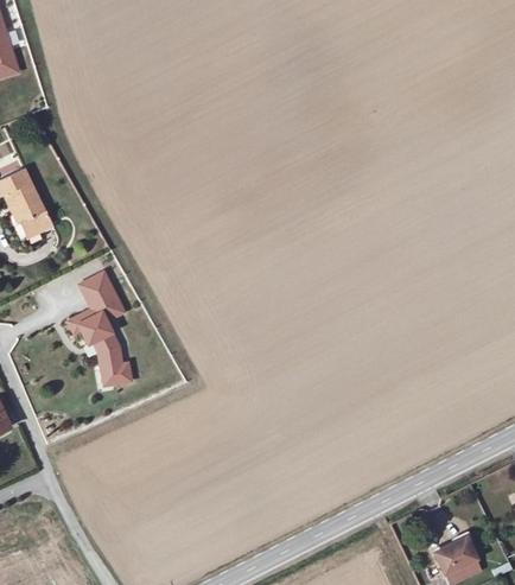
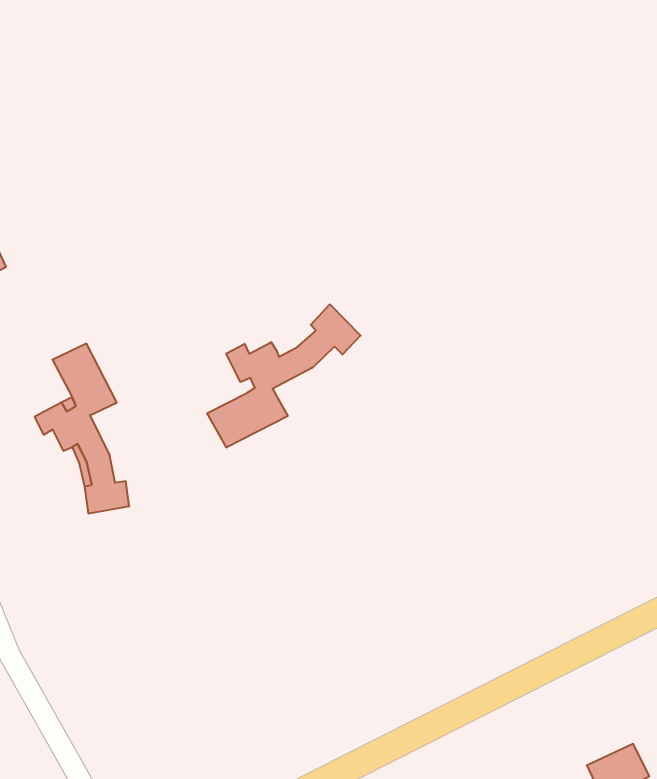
building: none -> [207,304,361,448]

